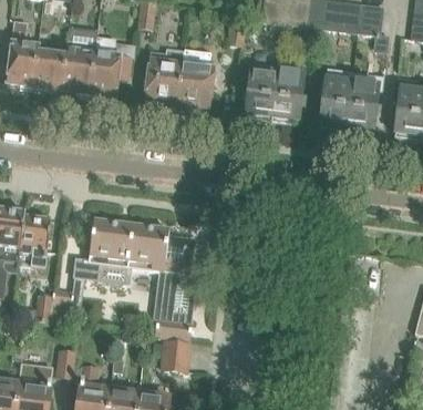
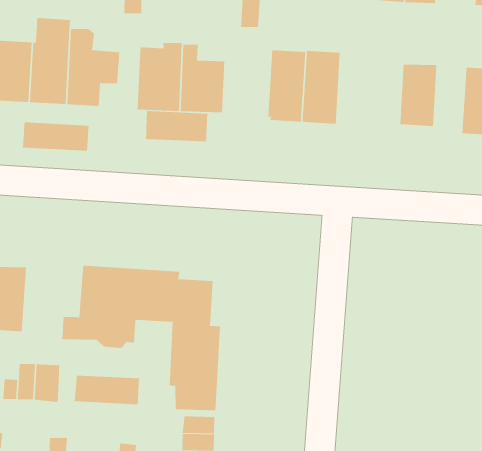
building: [320,66,353,130] -> none
building: none -> [145,110,208,142]
building: none -> [23,122,89,152]
building: none -> [74,375,139,405]

